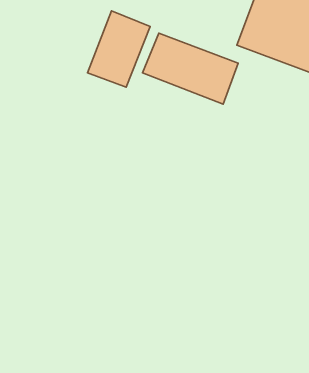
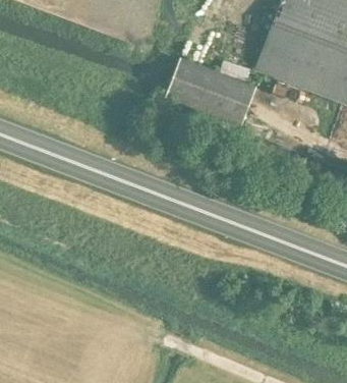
building: [88,11,150,87] -> none

